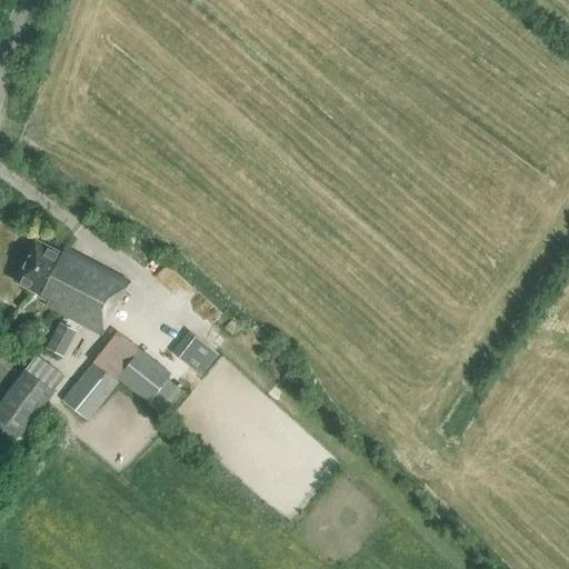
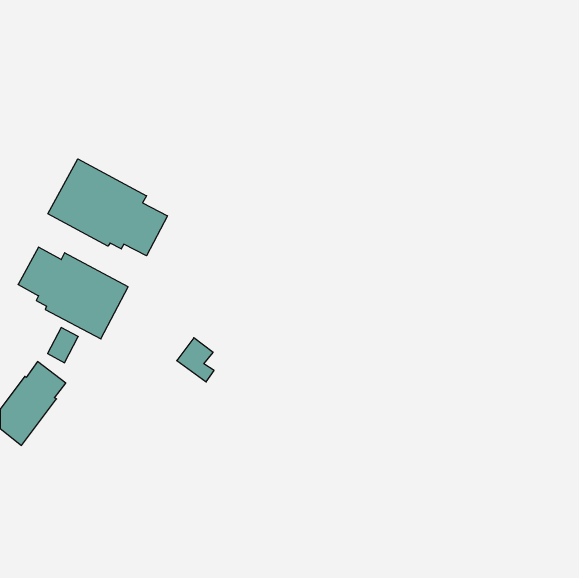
building: none -> [48,159,167,256]
building: [63,331,180,419] -> none

